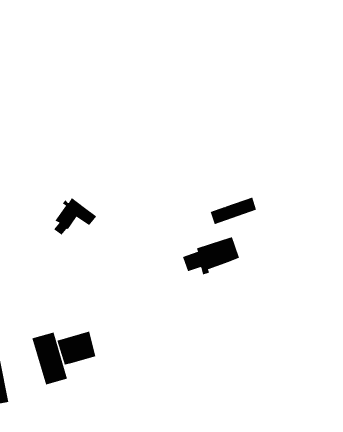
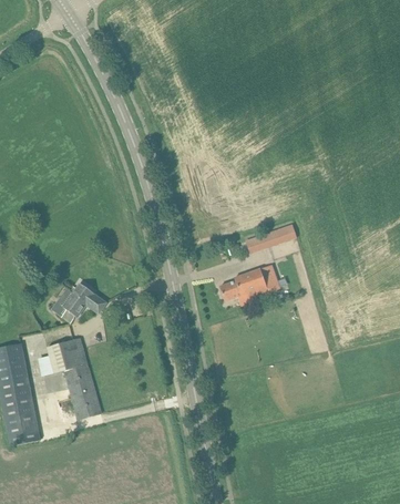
building: [53,197,97,236] -> [61,282,106,322]
building: [57,331,96,365] -> [45,337,86,372]

